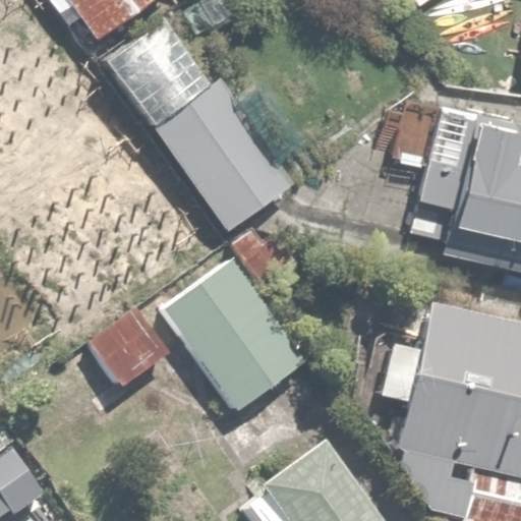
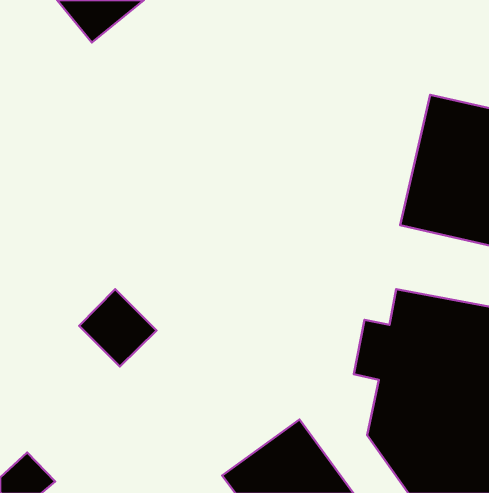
building: [108,24,292,232] -> none
building: [163,260,295,404] -> none

